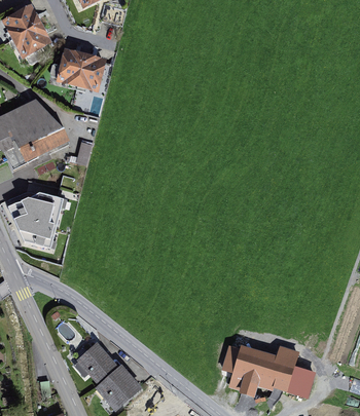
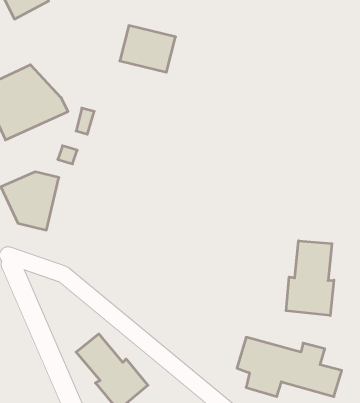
building: [56,48,106,90] -> [120,26,176,72]
building: none -> [286,241,334,316]

